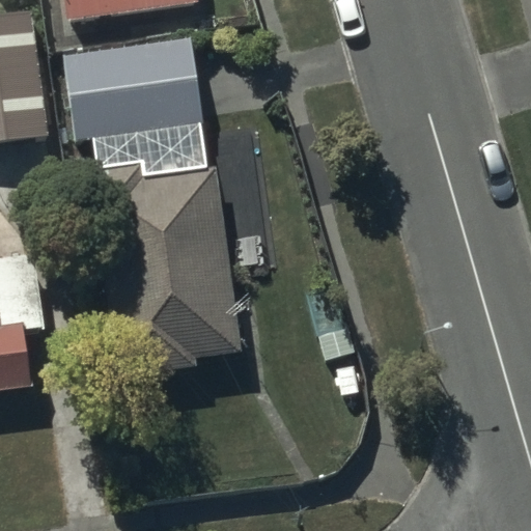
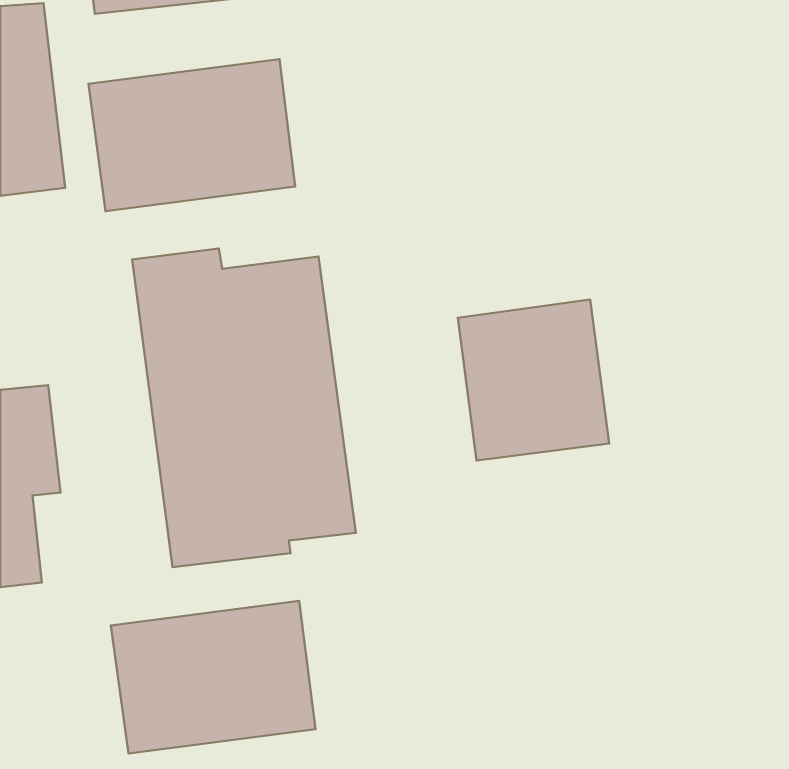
building: none -> [458,300,609,461]
building: none -> [111,601,316,753]

